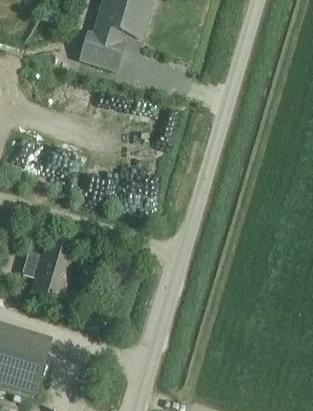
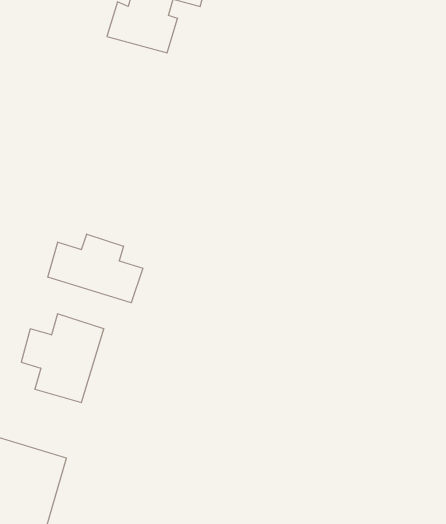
building: none -> [48,234,143,303]

